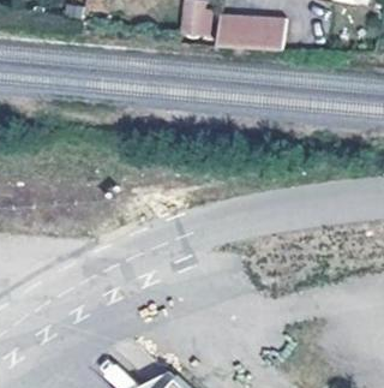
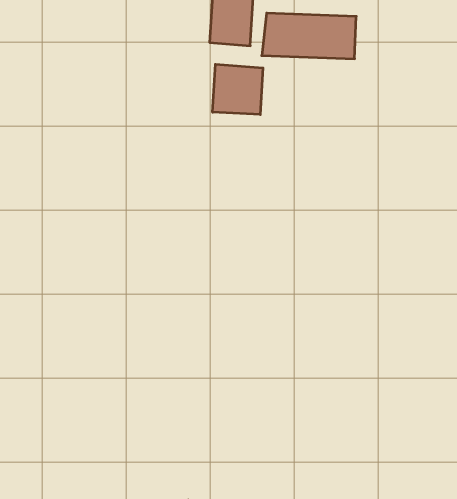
building: none -> [213,64,263,115]

